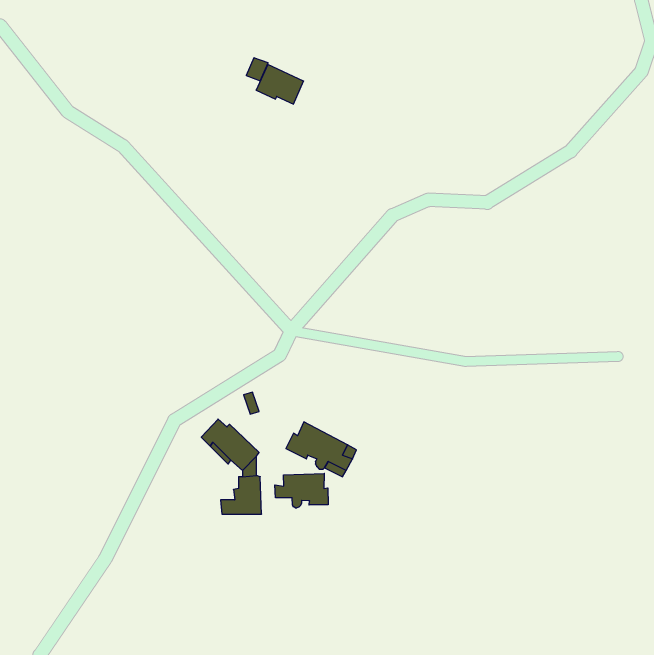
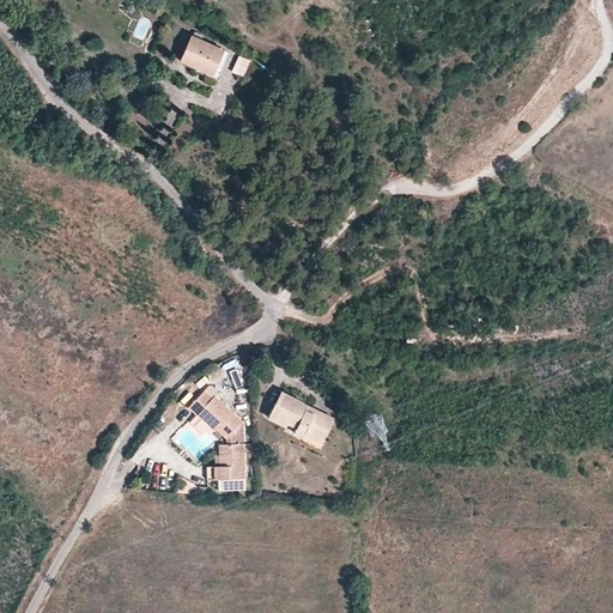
building: [256,64,304,104] -> [181,36,225,73]
building: [275,473,328,508] -> none

